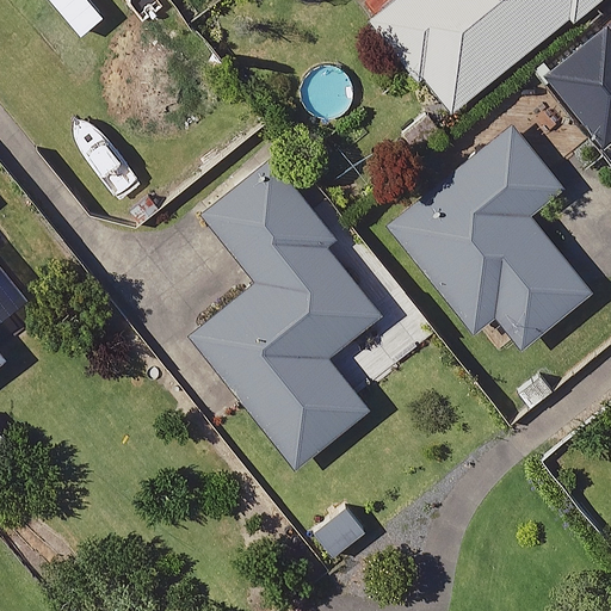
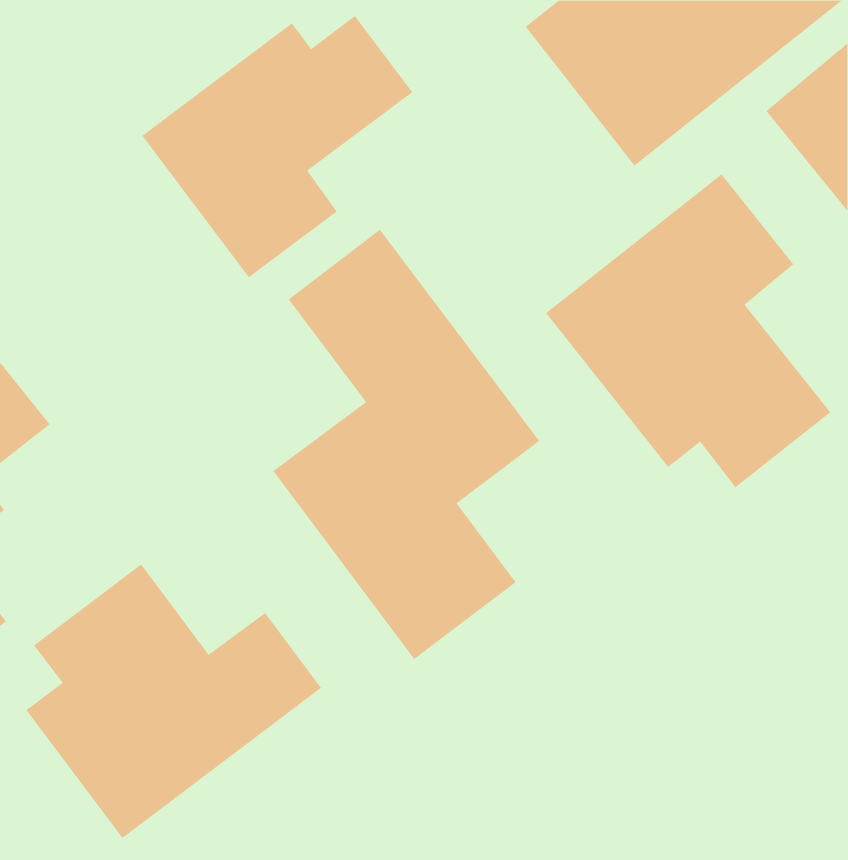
building: none -> [141,15,413,278]
building: none -> [26,564,322,839]

